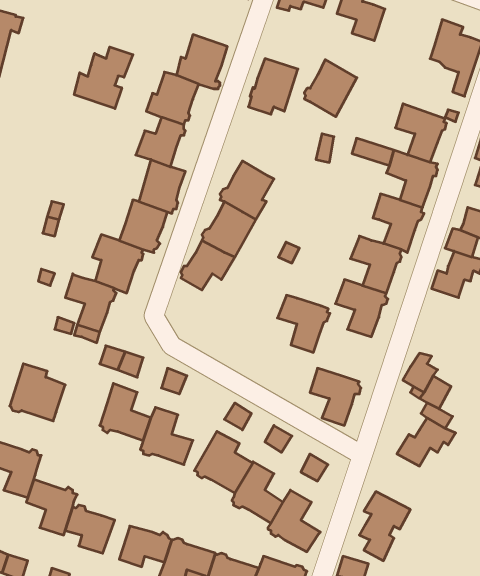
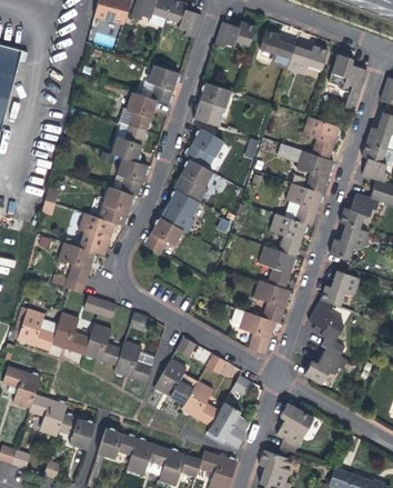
building: none -> [288,46,328,74]
building: [74,47,133,109] -> none
building: [304,60,357,117] -> [185,127,224,169]
building: [277,295,330,352] -> [253,280,292,322]
building: none -> [321,270,360,307]
building: none -> [52,312,90,353]

